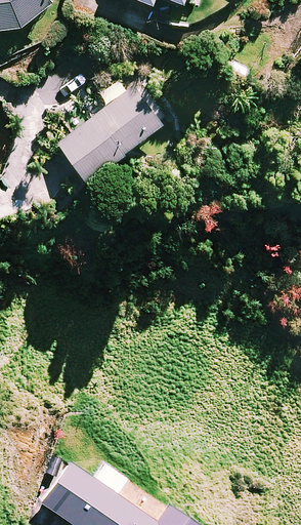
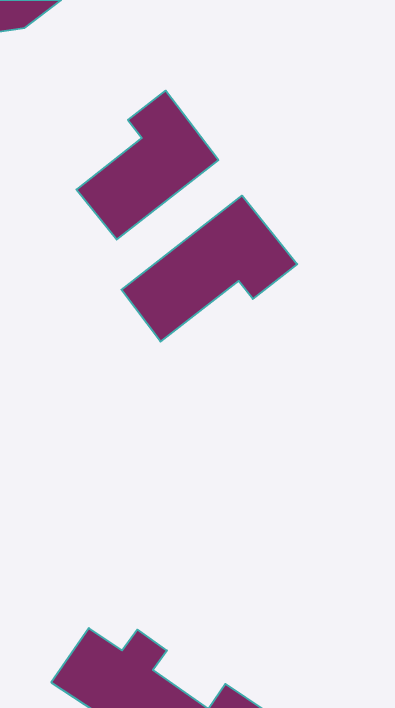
building: none -> [121,196,297,342]

